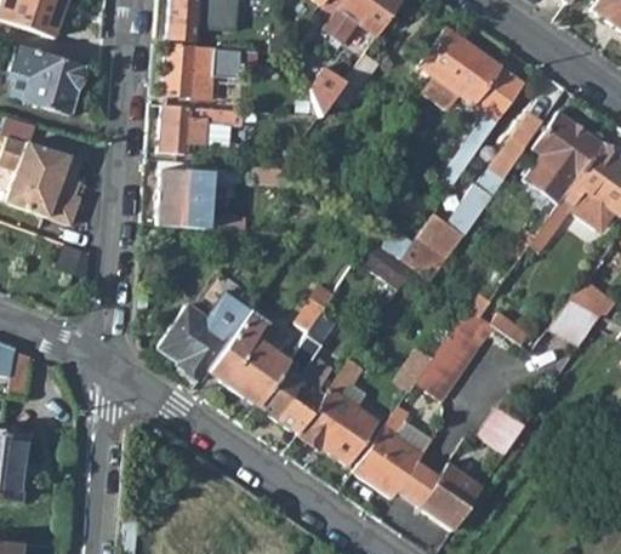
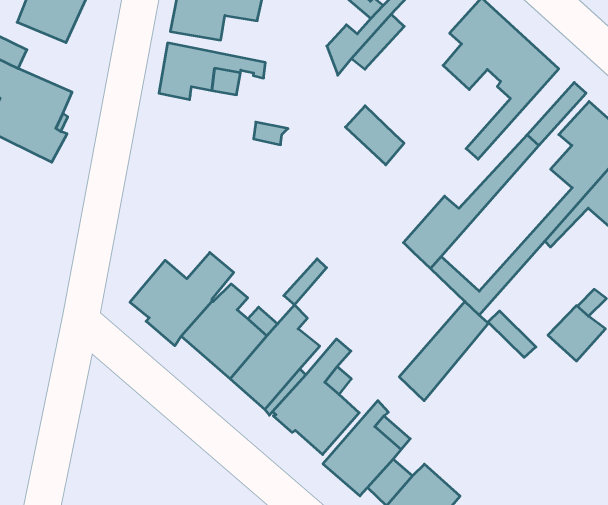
building: [156,169,241,229] -> none
building: [357,238,412,290] -> [345,106,404,165]
building: [477,407,524,456] -> none

